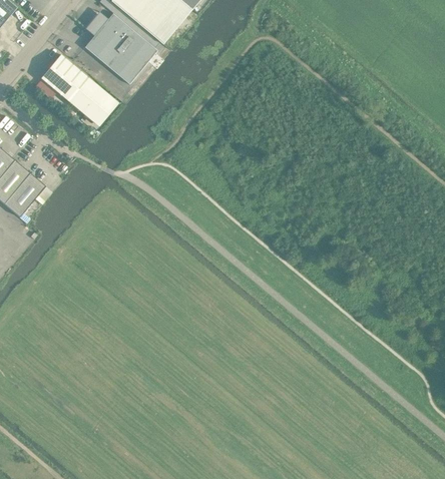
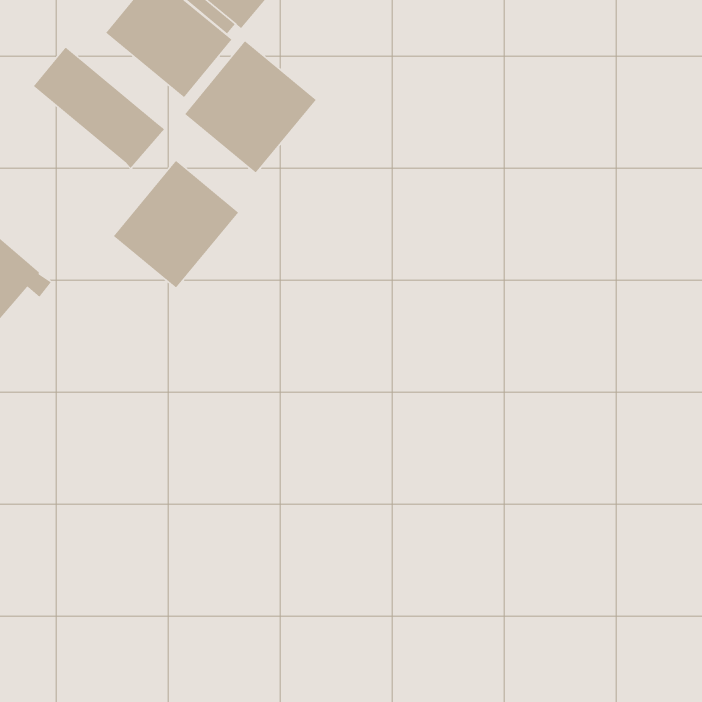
building: none -> [184,40,317,174]
building: none -> [113,160,239,289]

